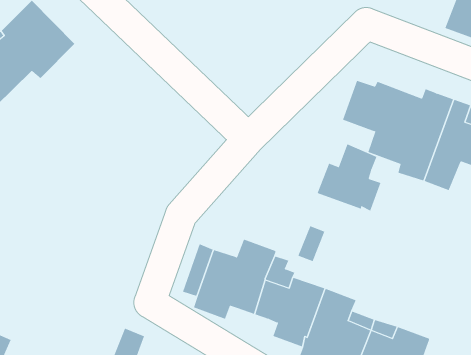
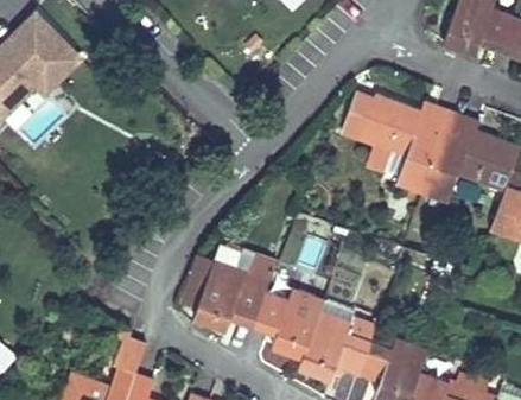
building: [317,144,381,211] -> none

